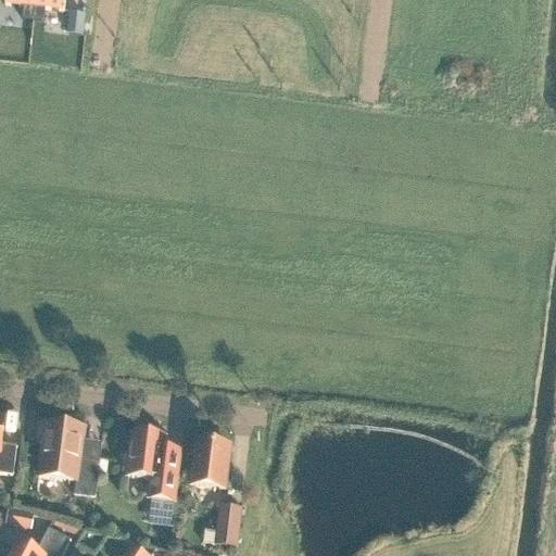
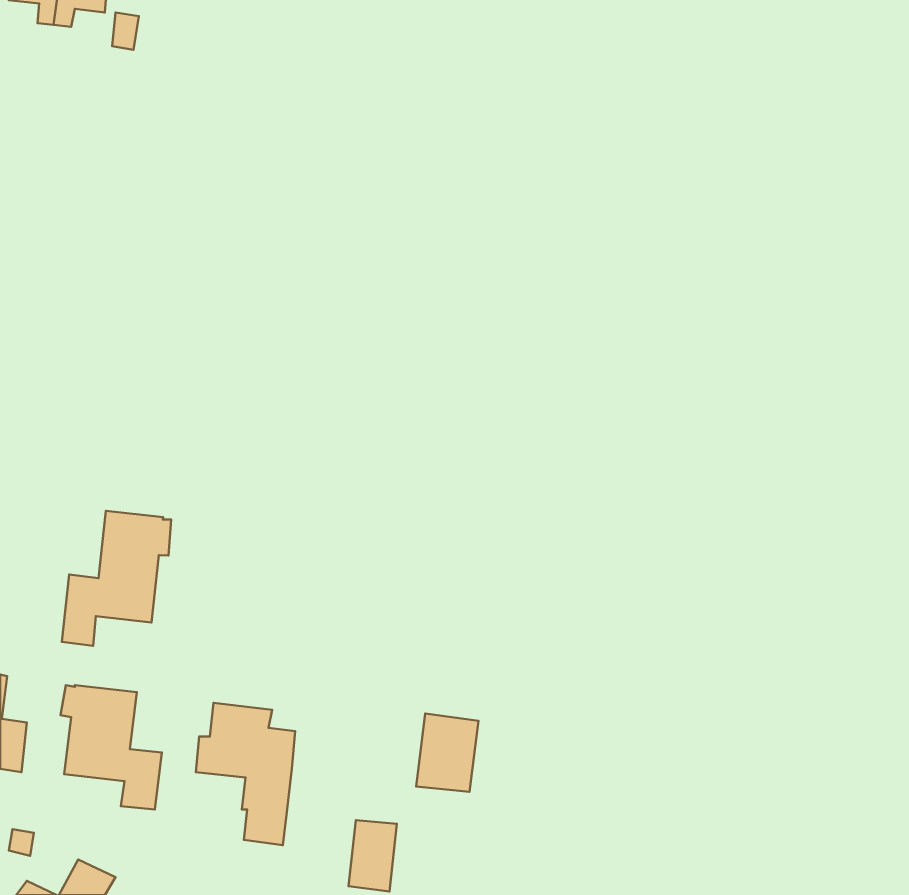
building: none -> [62,511,171,646]
building: [191,437,229,484] -> [416,714,478,792]

